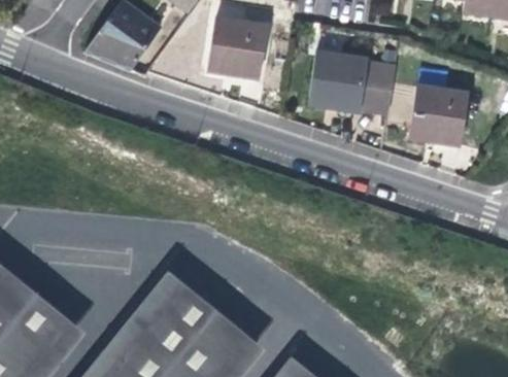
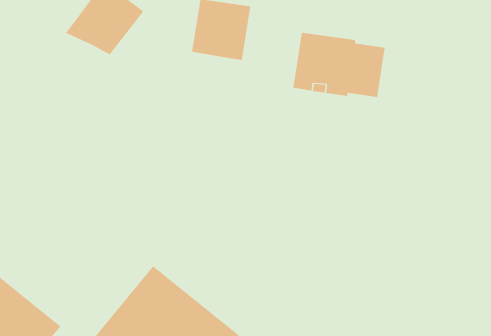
building: [406,89,464,145] -> none

